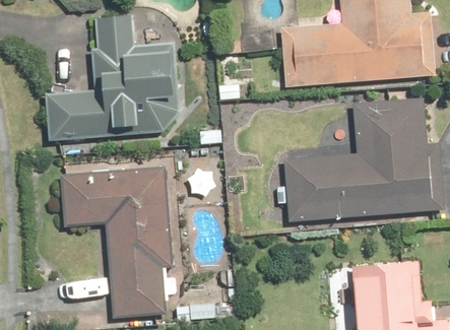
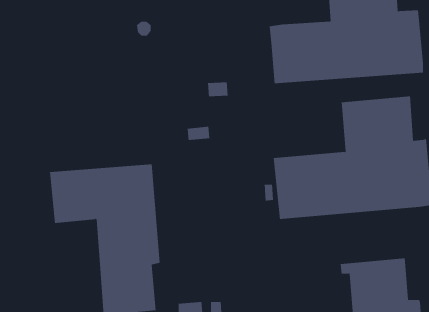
building: [44,15,181,142] -> none

